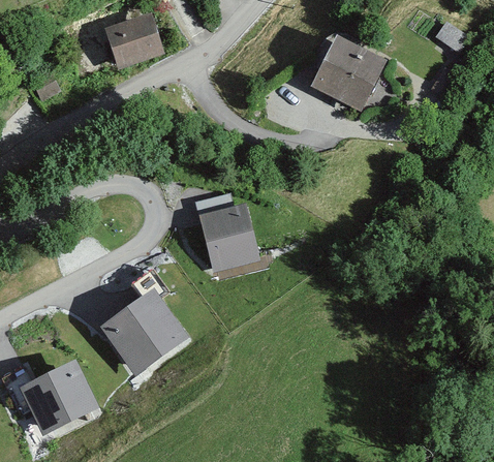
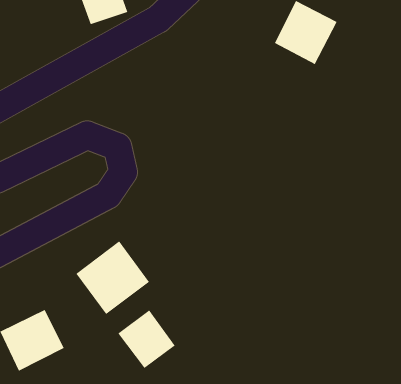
building: [199,208,255,269] -> none
building: none -> [118,309,176,369]

